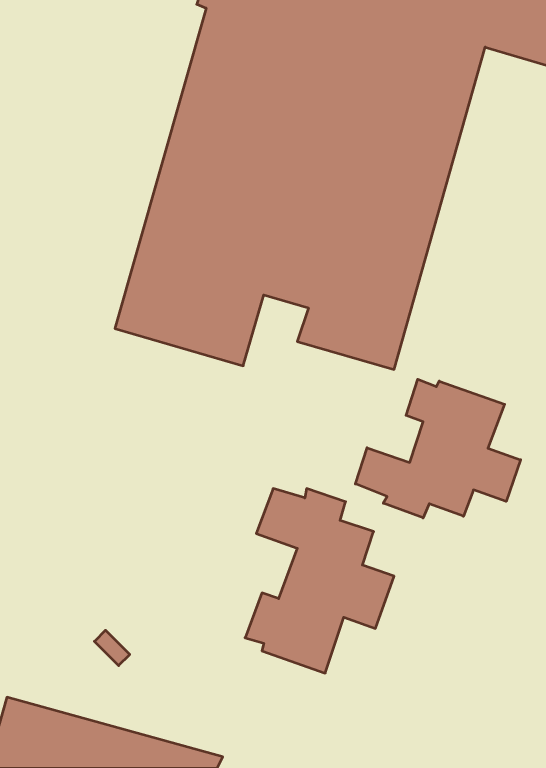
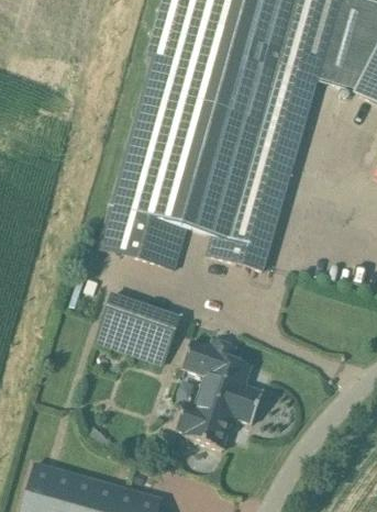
building: [355,379,521,518] -> none
building: none -> [95,290,180,364]

